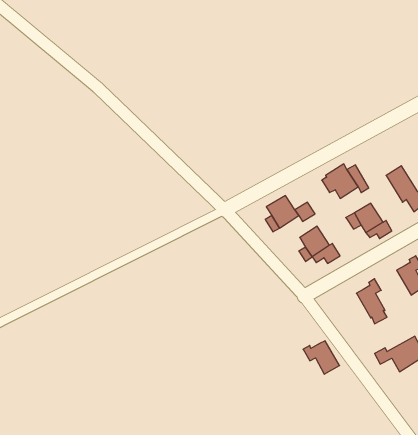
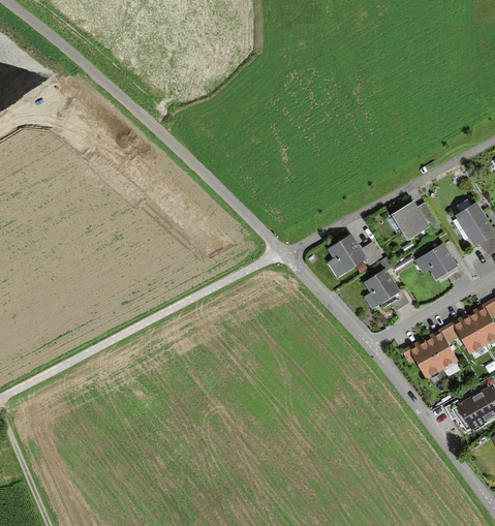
building: none -> [445,316,485,352]
building: [303,341,340,374] -> [402,341,441,377]

